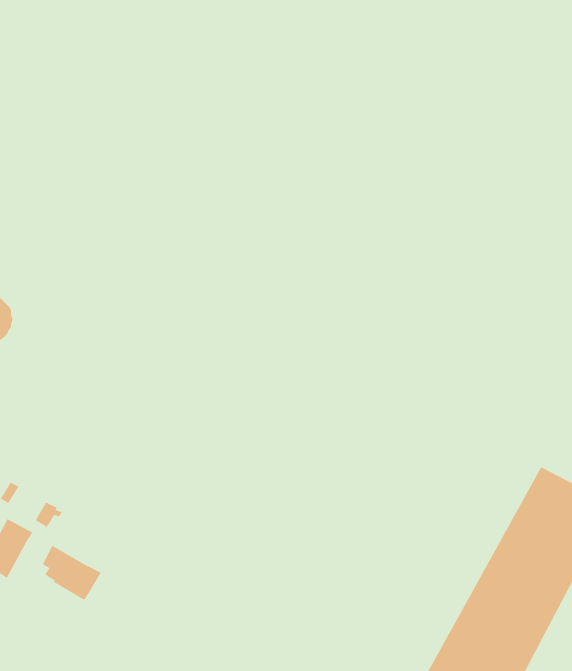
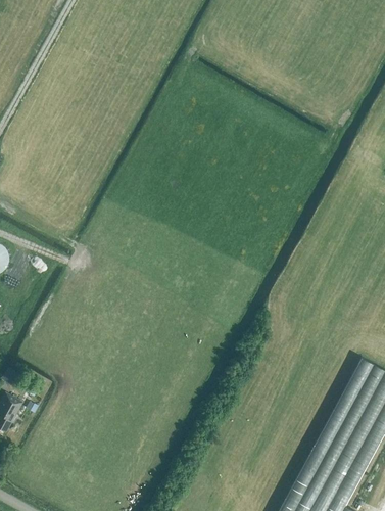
building: [42,545,102,601] -> none

